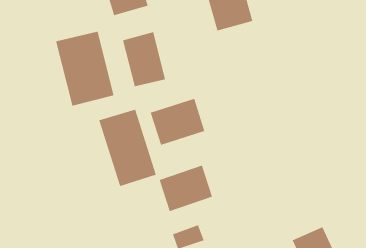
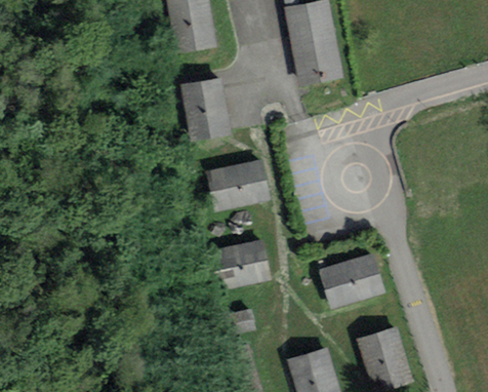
building: [56,31,114,107] -> none
building: [98,109,157,187] -> none
building: none -> [320,254,382,306]

